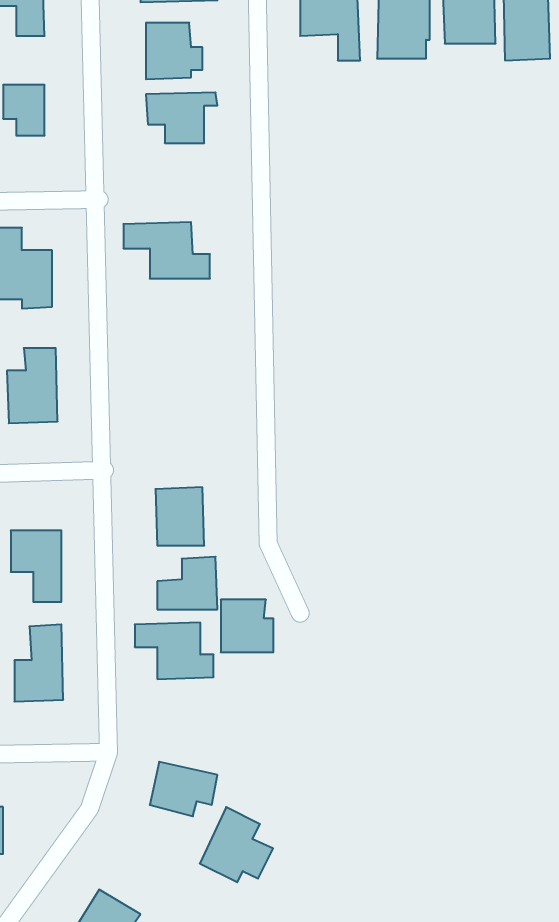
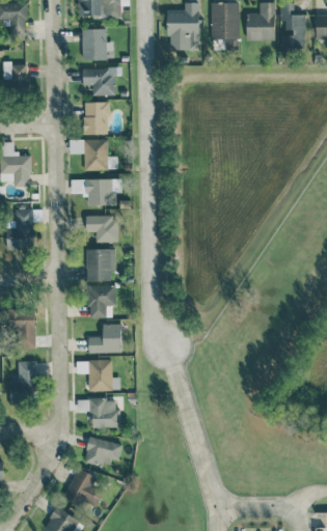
building: none -> [83,102,109,135]
building: none -> [86,178,121,205]
building: none -> [86,215,116,243]
building: none -> [86,249,115,281]
building: [221,600,273,652] -> [90,398,119,427]
building: [200,807,273,882] -> [63,468,104,509]

